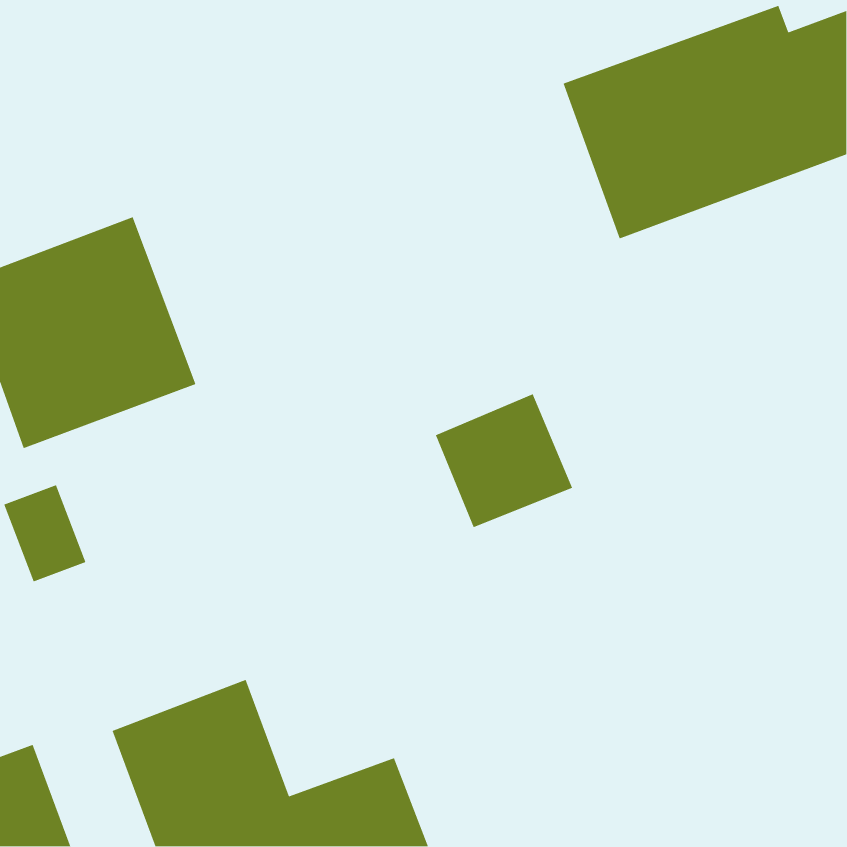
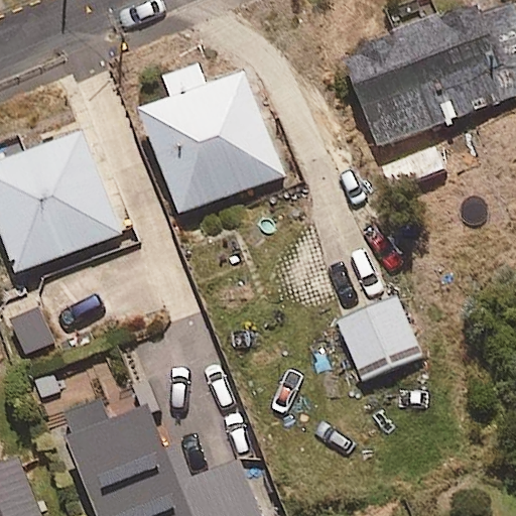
building: none -> [140,67,283,213]
building: [435,393,573,528] -> [337,297,420,379]

